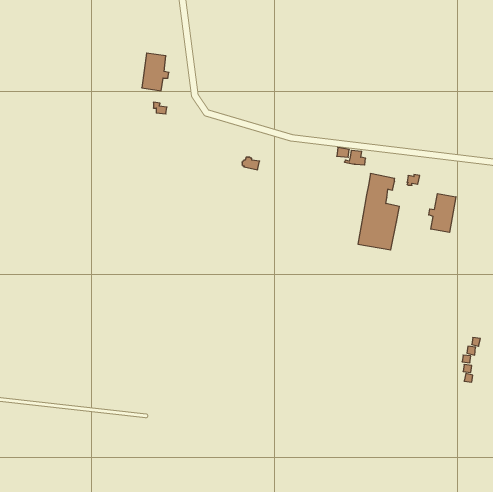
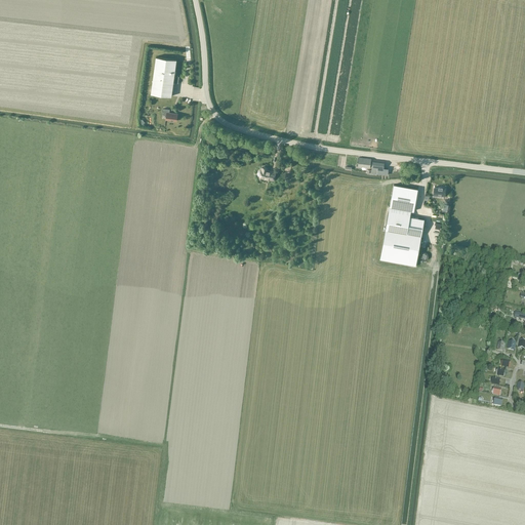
building: [429,194,456,232] -> none

